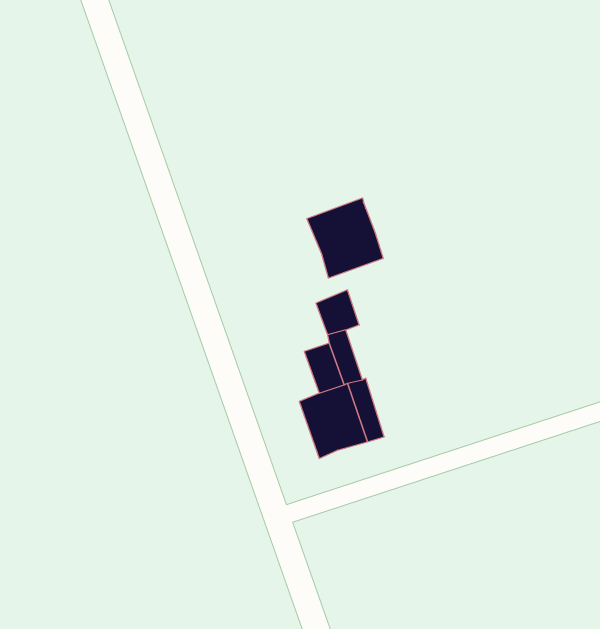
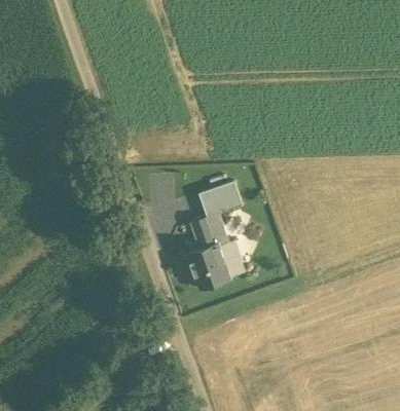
building: [307,198,383,278] -> none

